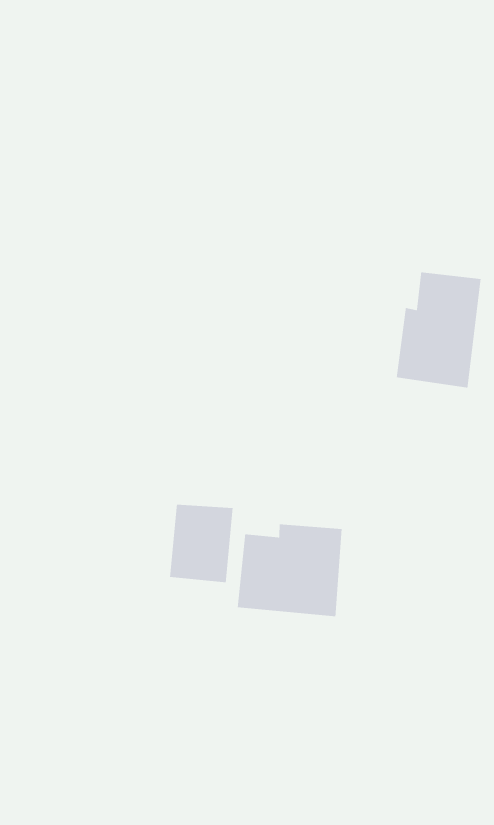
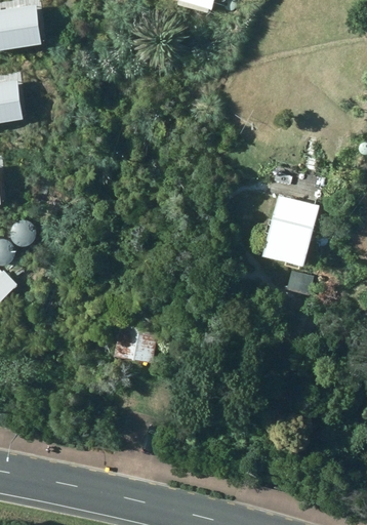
building: [237,523,343,617] -> none

